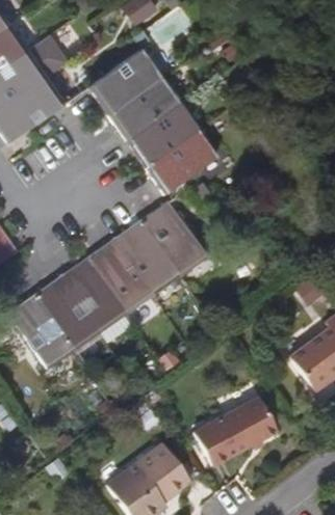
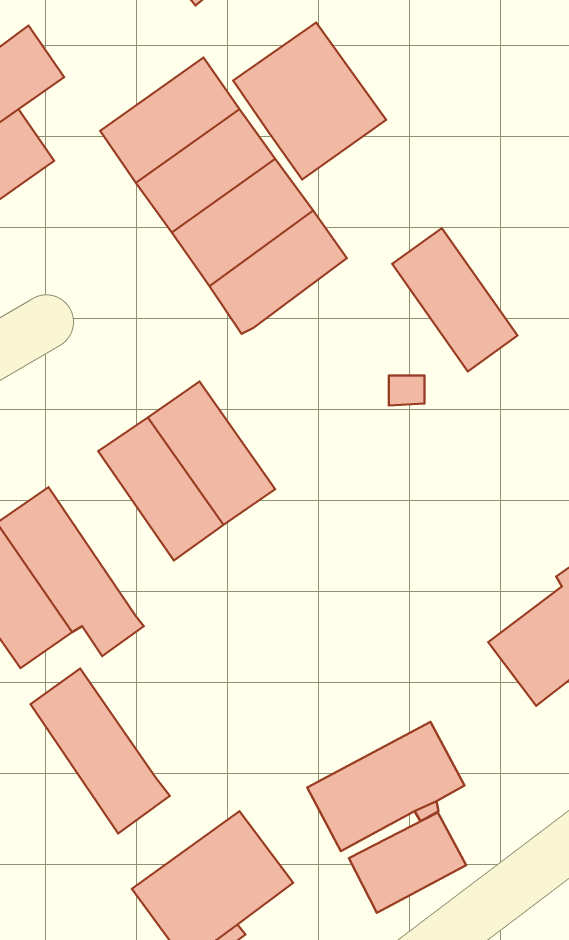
building: none -> [233,23,386,180]
building: [140,200,206,275] -> [392,228,517,371]
building: [61,255,134,342] -> [31,668,170,834]
building: none -> [349,812,466,913]

